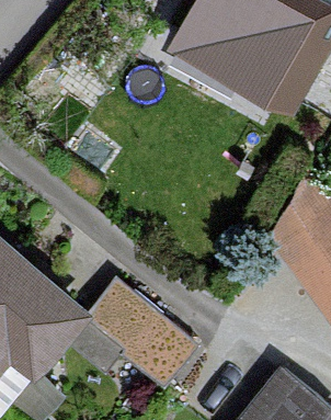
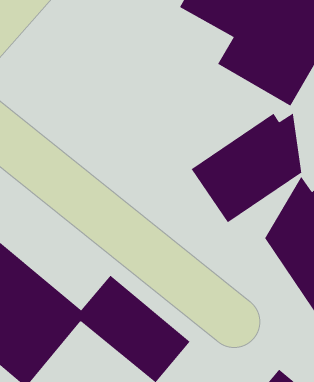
building: none -> [191,112,302,223]

